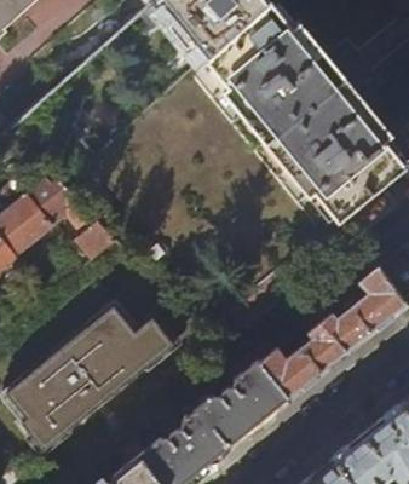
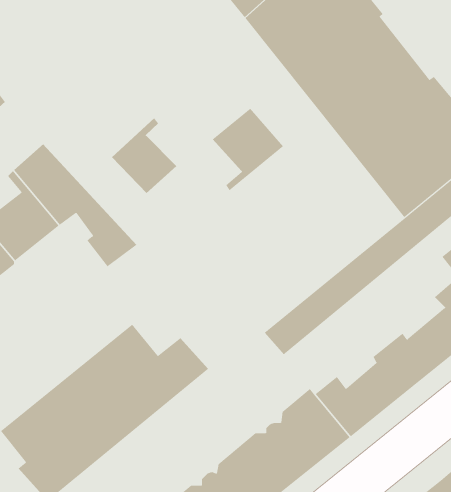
building: none -> [212,108,284,191]
building: none -> [111,118,177,194]

